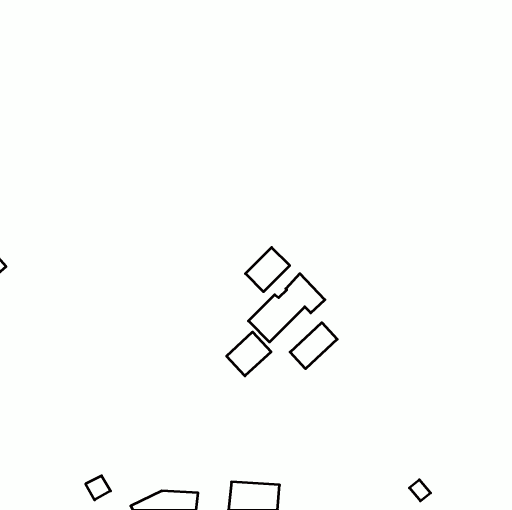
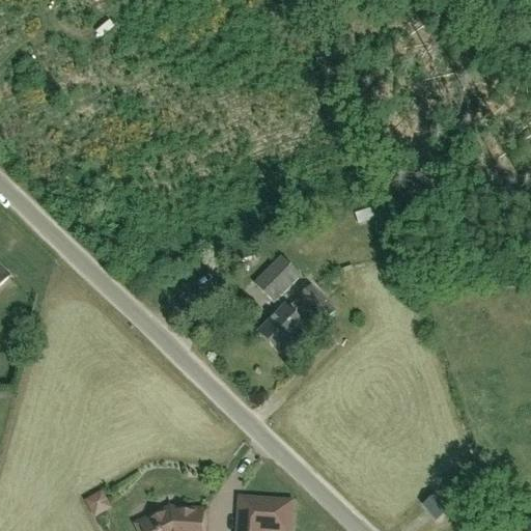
building: [290,323,337,369] -> none
building: [227,332,271,376] -> none

